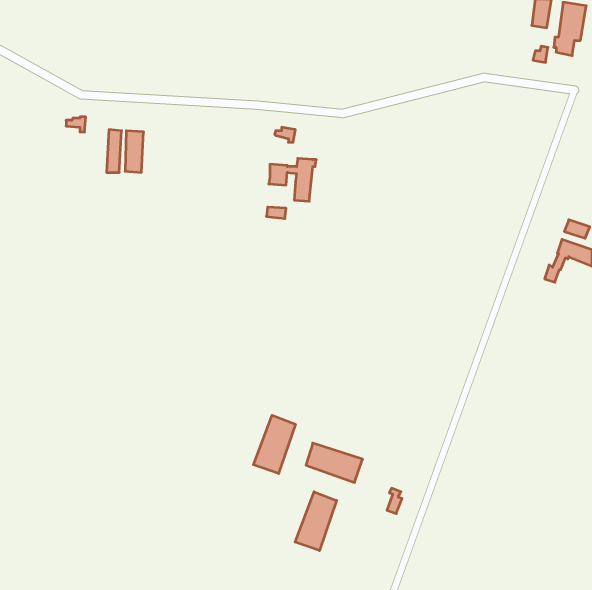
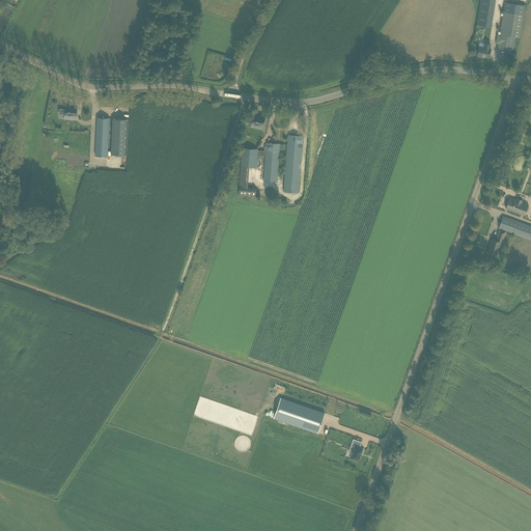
building: none -> [283,134,303,192]
building: [253,415,295,474] -> none
building: [295,492,337,551] -> none

